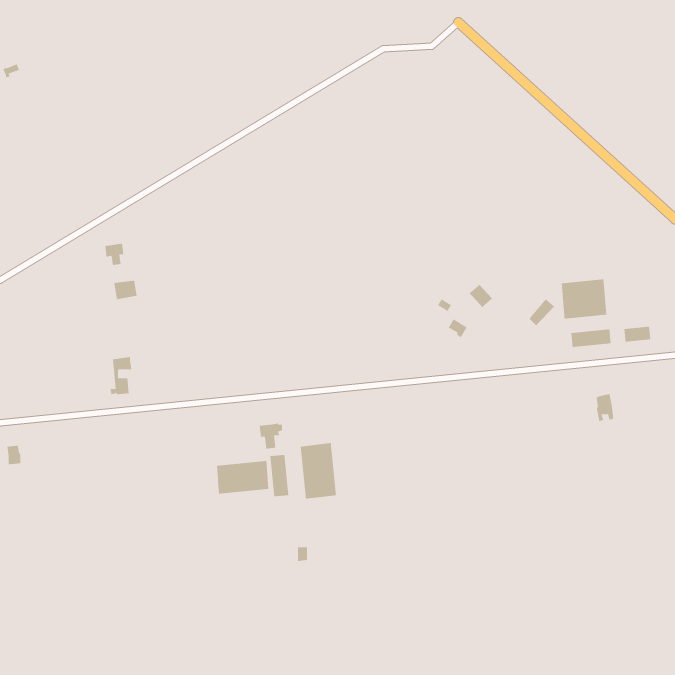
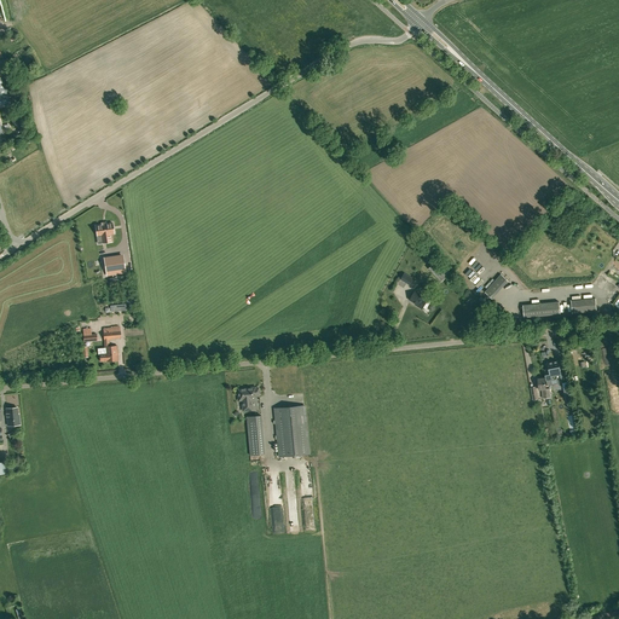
building: [561,279,607,320] -> none
building: [216,460,269,494] -> none

